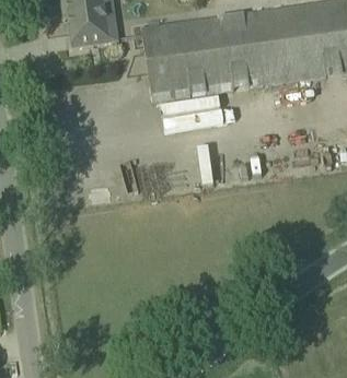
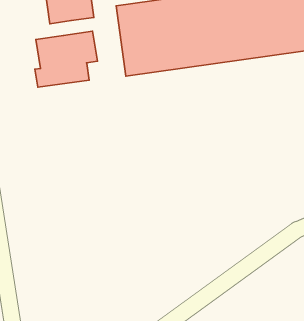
building: none -> [35,31,98,87]

